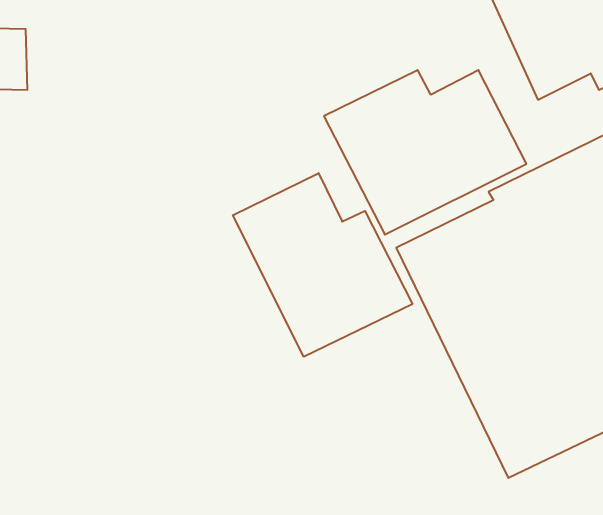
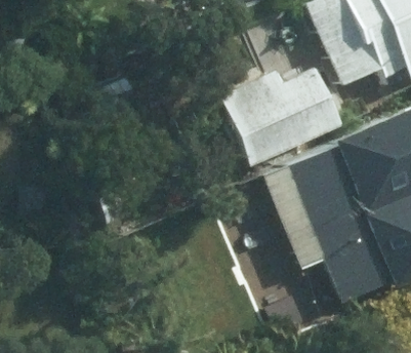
building: [233,173,412,357] -> none

